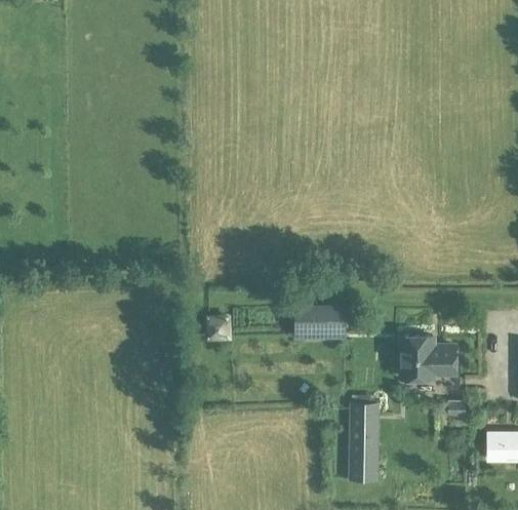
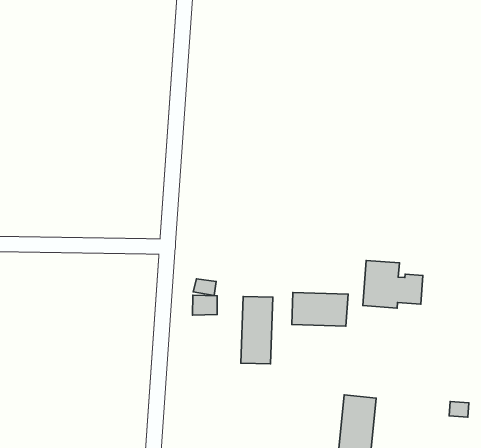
building: none -> [241,296,273,364]
building: [401,339,454,381] -> [363,260,423,308]

